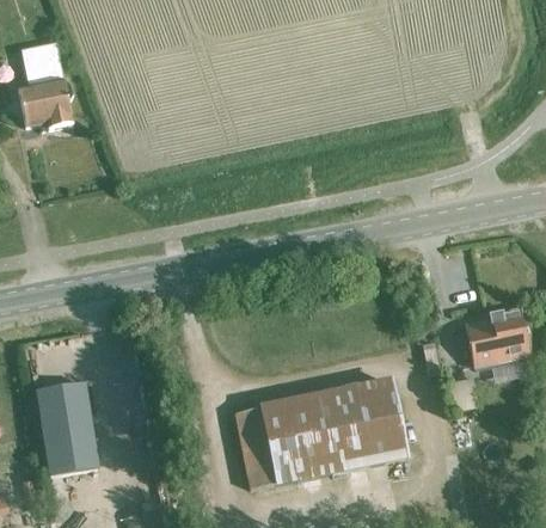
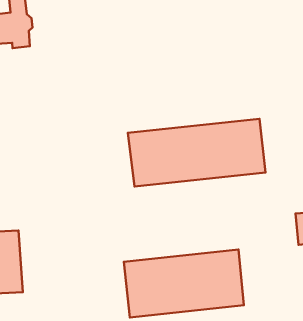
building: none -> [128,119,265,186]

